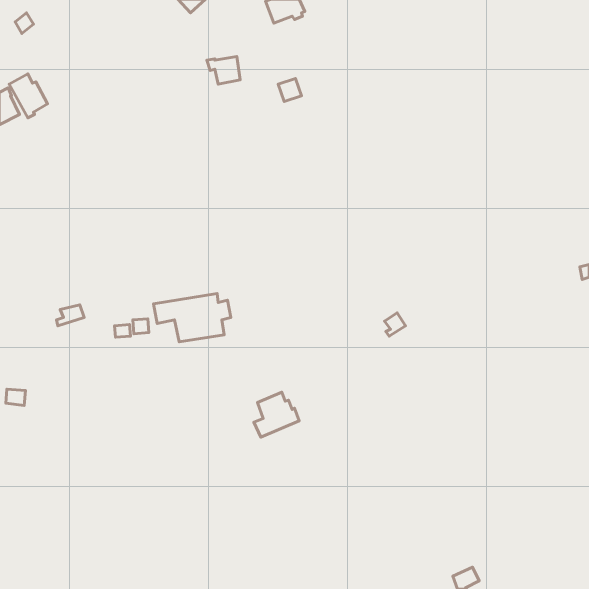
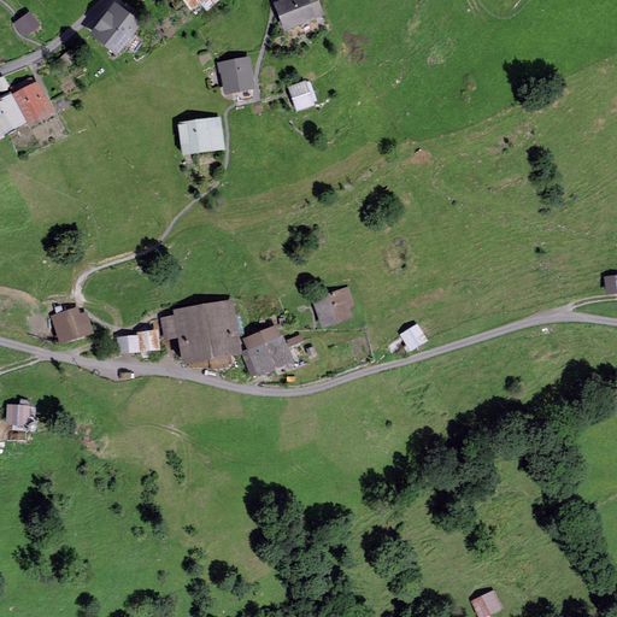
building: none -> [93,6,136,49]
building: none -> [178,119,222,151]
building: none -> [313,288,351,322]
building: [254,392,299,437] -> [245,328,292,375]

